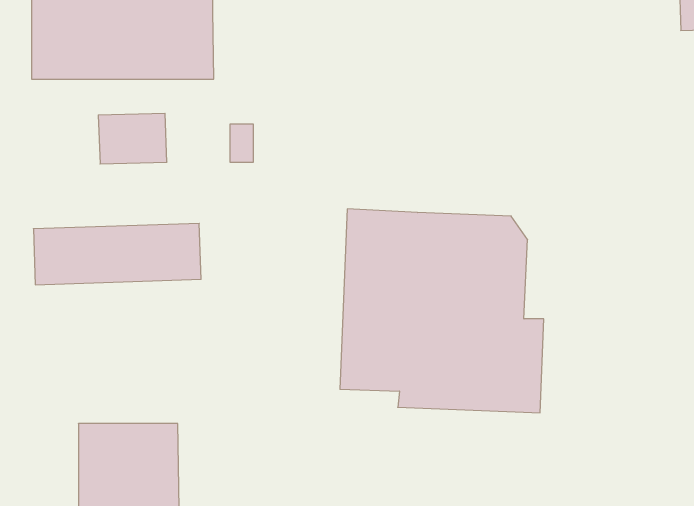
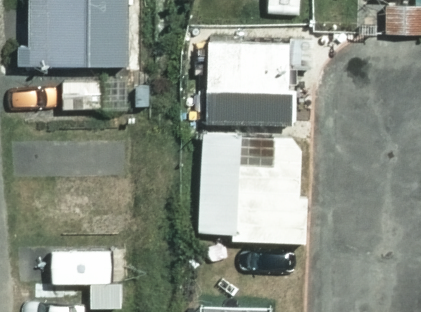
building: none -> [205,38,315,124]

